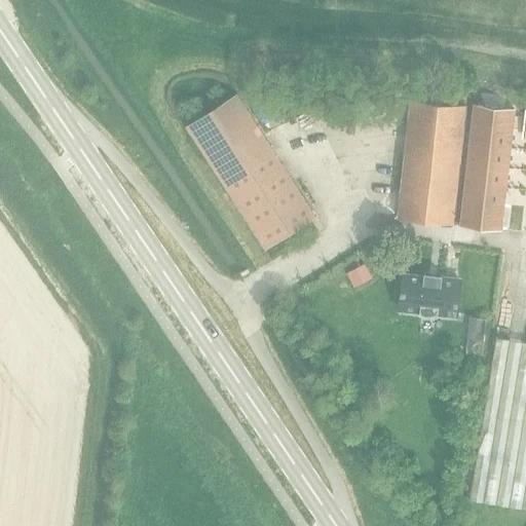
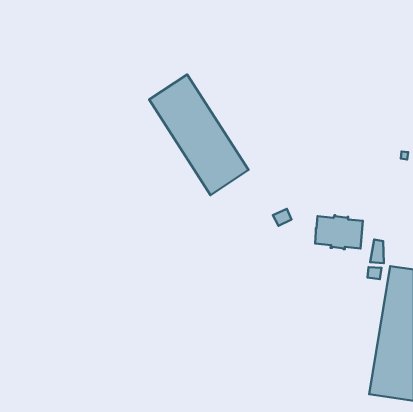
building: [398,101,466,225] -> none
building: [460,107,515,231] -> none

